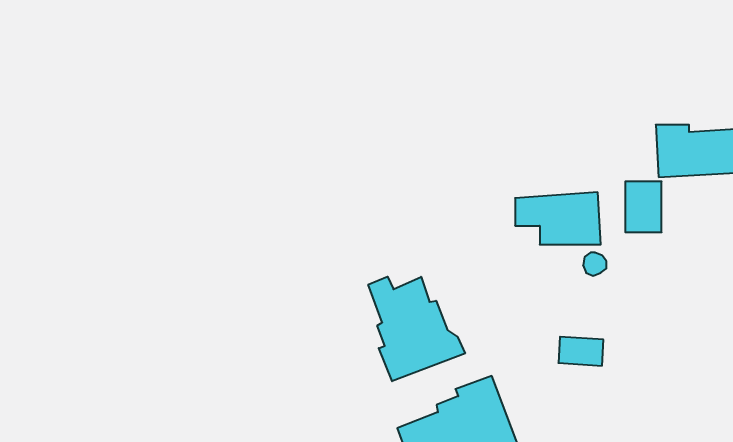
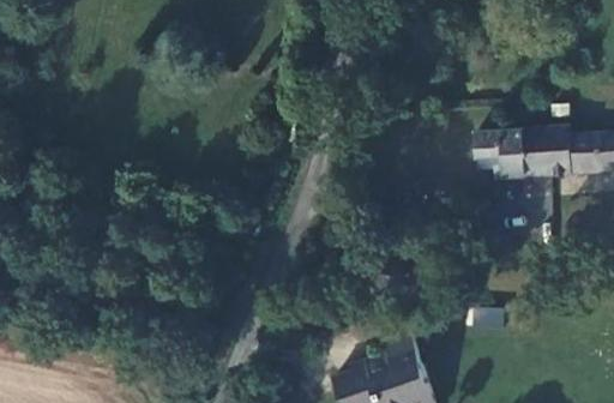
building: [515,192,601,245] -> [475,131,546,174]
building: [368,277,465,381] -> none

